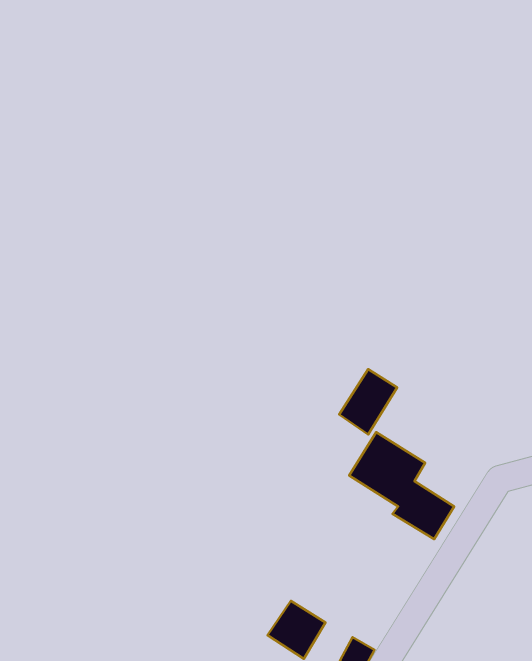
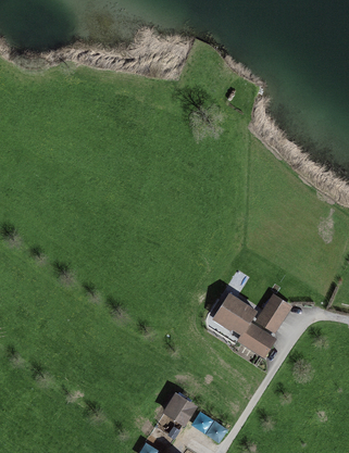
building: [339,369,397,435] -> [257,293,291,332]

